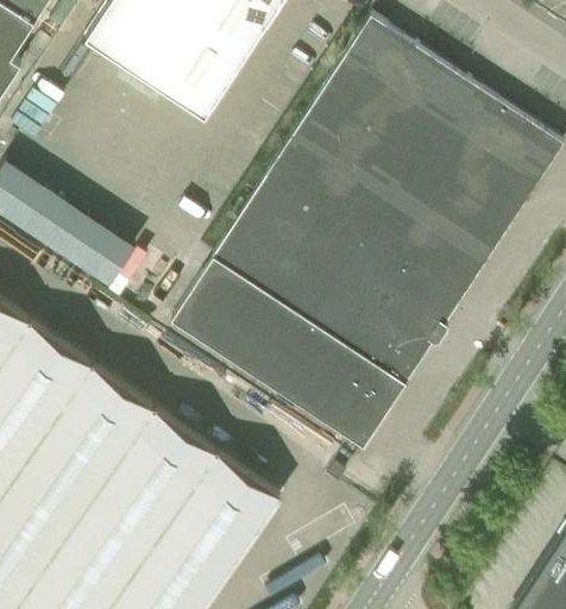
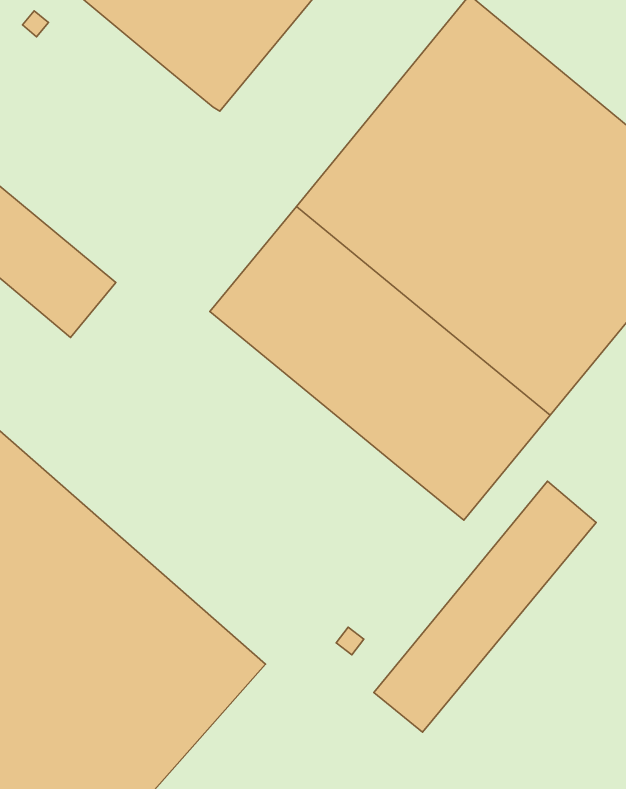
building: [169,259,404,450] -> none
building: none -> [374,481,596,732]

